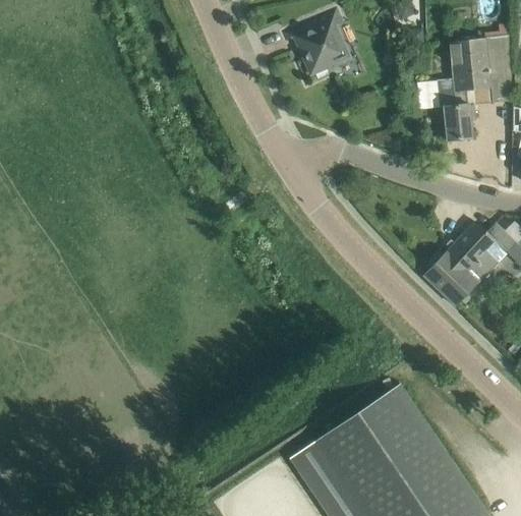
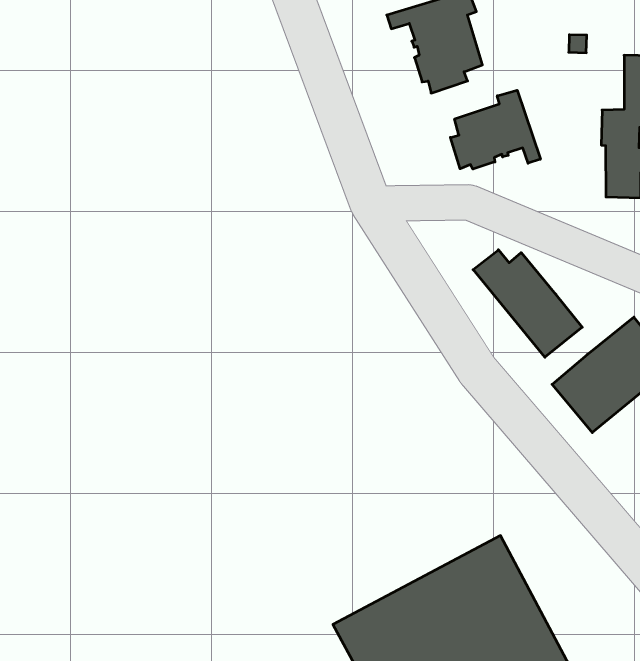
building: none -> [450,90,540,169]
building: none -> [473,250,582,357]

